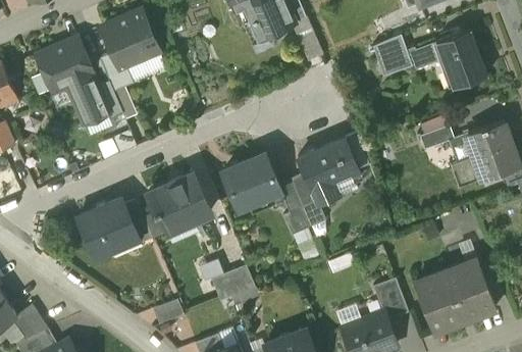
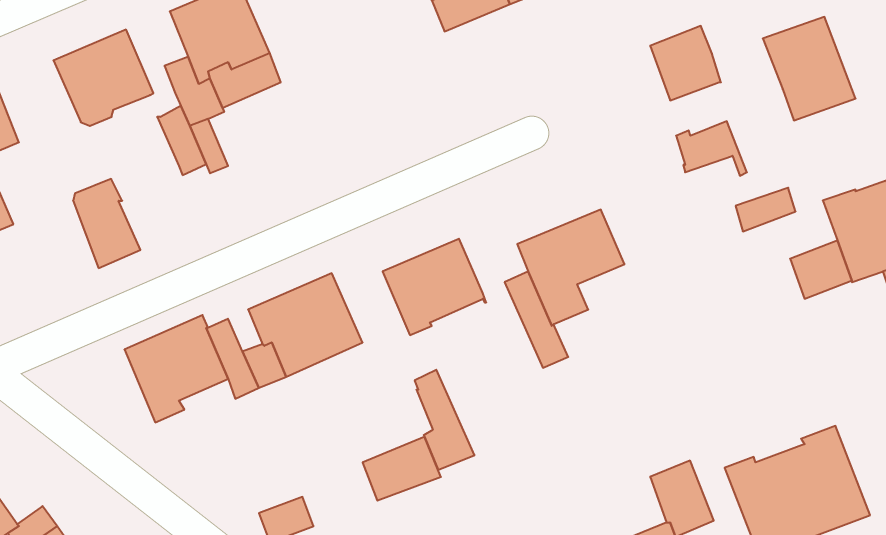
building: [407,42,447,72] -> [676,121,747,176]
building: [70,73,108,123] -> [73,179,140,268]
building: [278,179,312,235] -> [415,370,475,470]

